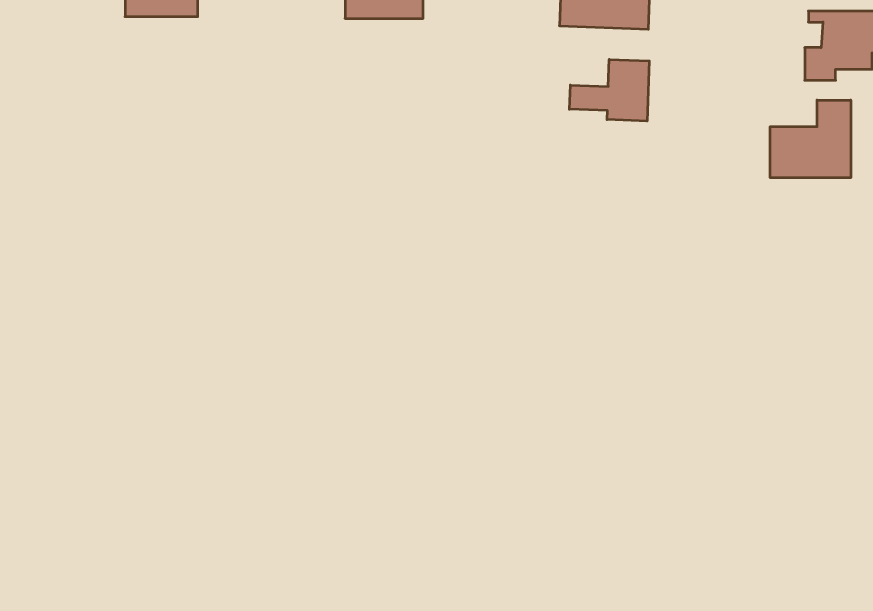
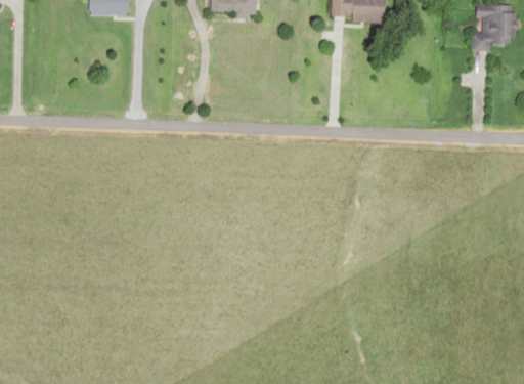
building: [569,59,649,121] -> none
building: [770,100,851,178] -> none

